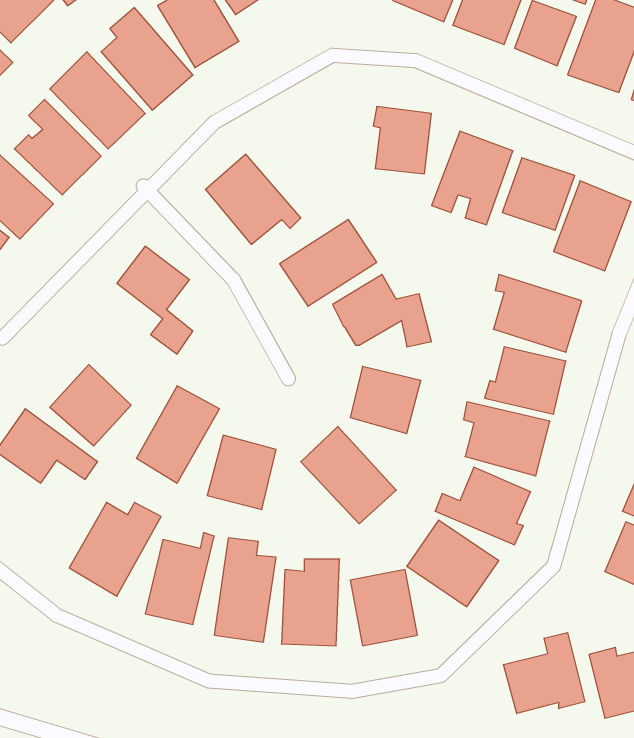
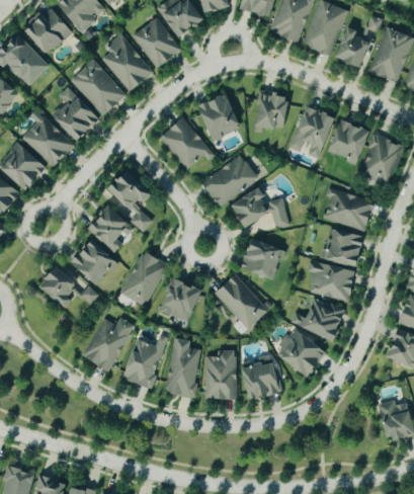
building: none -> [198,91,249,140]
building: none -> [89,205,135,247]
building: [503,633,585,714] -> none

